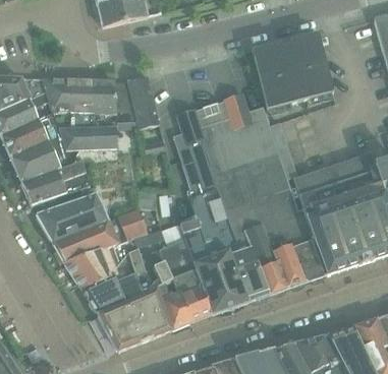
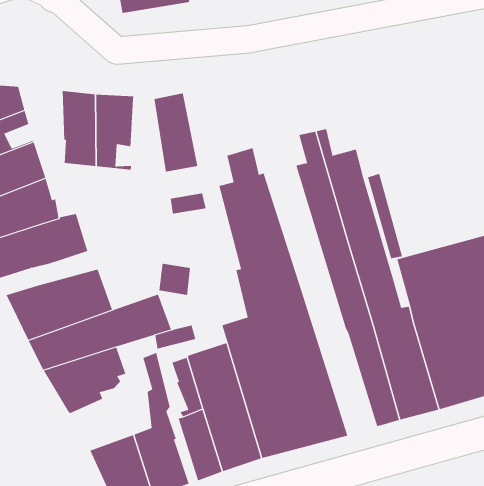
building: [252,33,333,109] -> none
building: [38,77,69,111] -> none
building: [55,81,137,150] -> none
building: [195,99,286,295] -> none
building: [84,267,137,314] -> none

